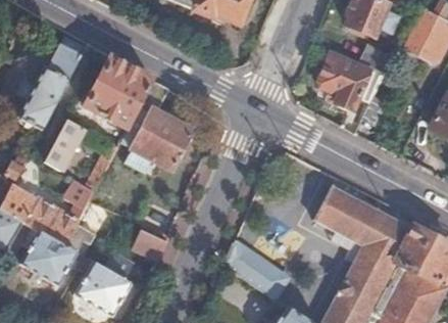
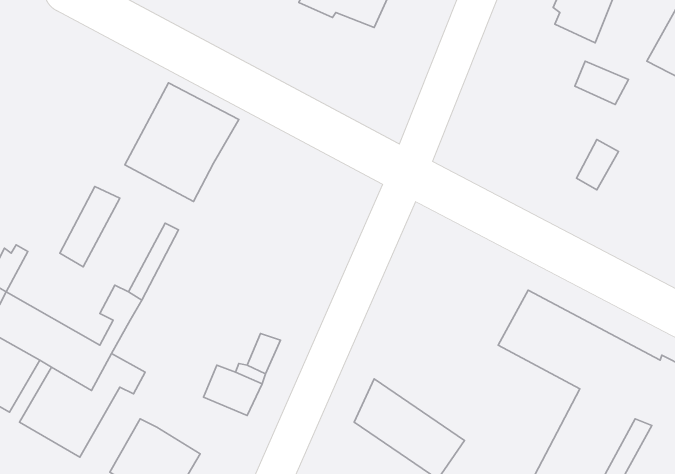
building: [18,34,88,131] -> none
building: [317,50,369,108] -> none
building: [132,80,193,170] -> none

